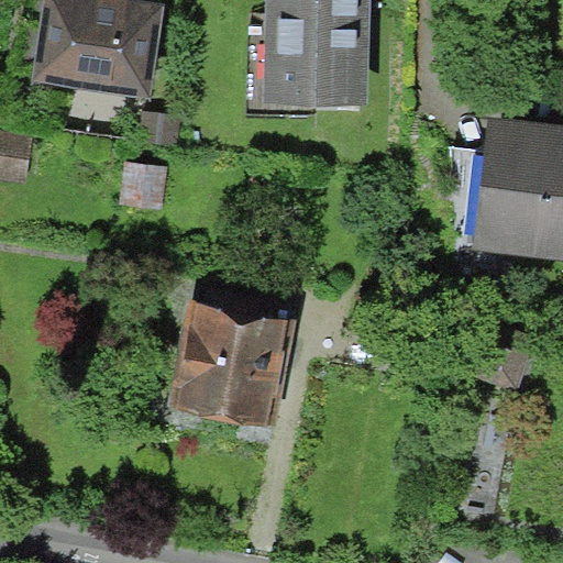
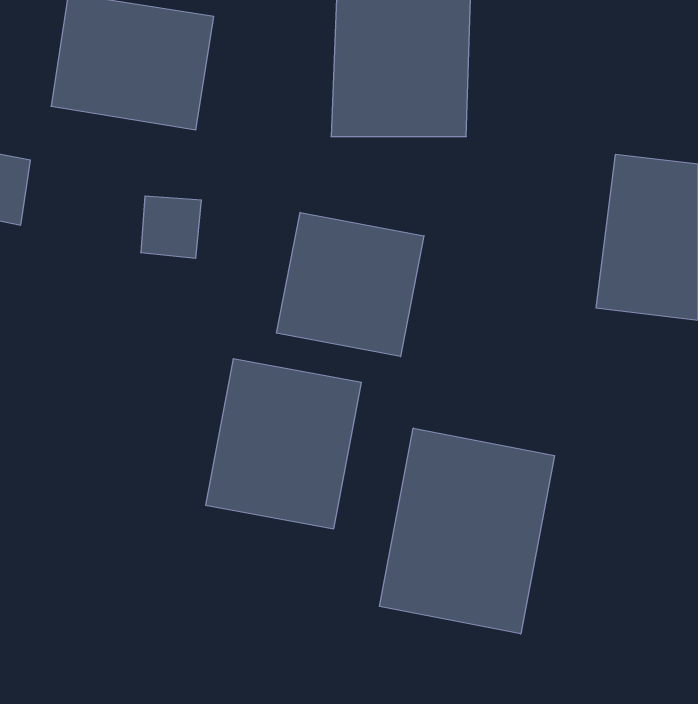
building: none -> [277,212,424,357]
building: none -> [380,428,554,634]

